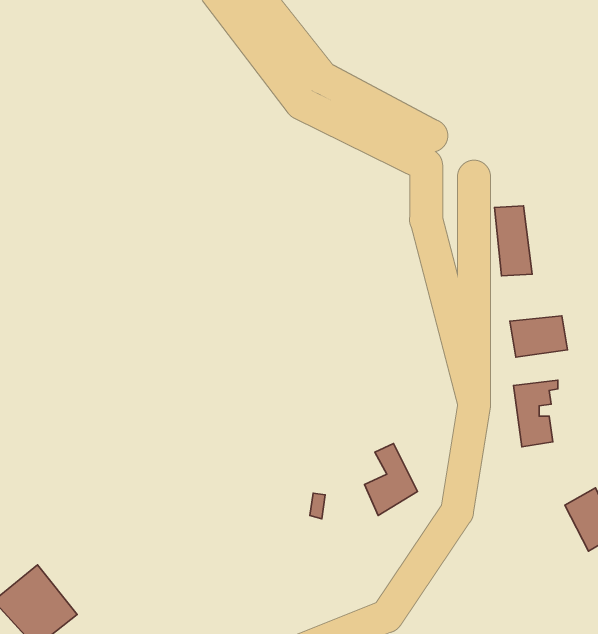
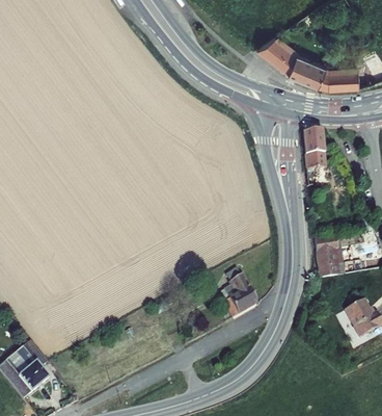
building: none -> [256,36,357,86]
building: [510,316,568,357] -> none

